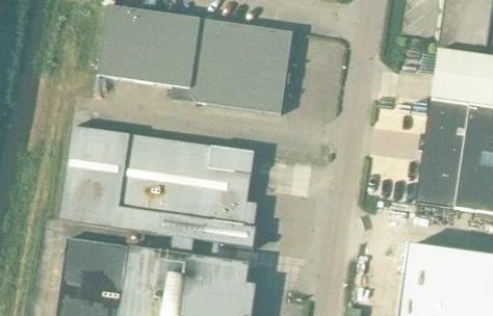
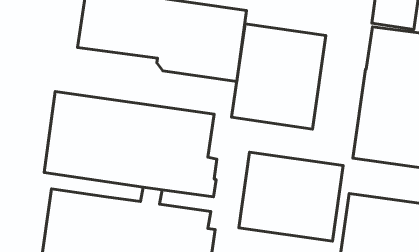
building: none -> [232,24,326,129]
building: none -> [239,152,343,241]

